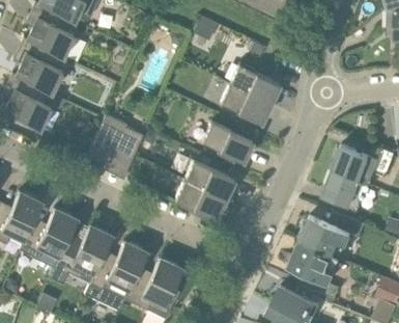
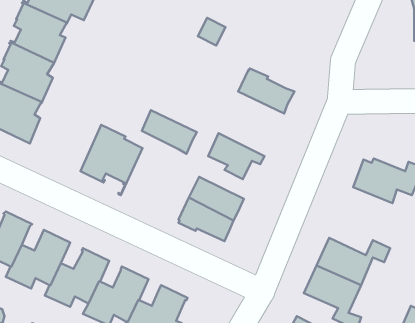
building: [220,84,269,124] -> [142,110,197,154]
building: [321,170,367,209] -> none

